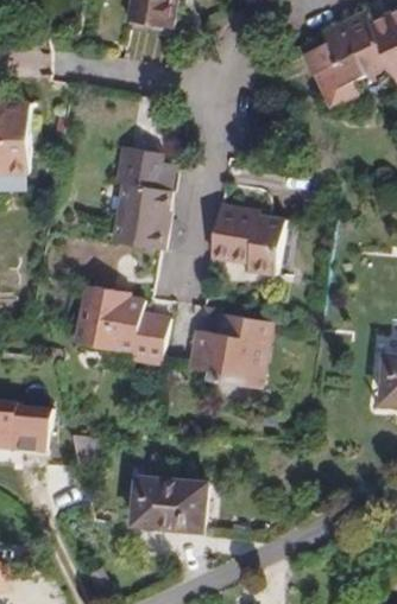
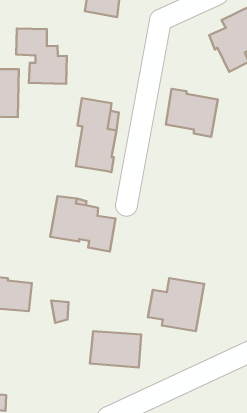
building: none -> [16,29,67,84]
building: [209,205,284,274] -> [166,89,218,137]
building: [189,313,270,389] -> [148,278,204,331]

